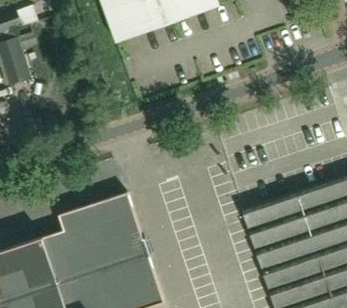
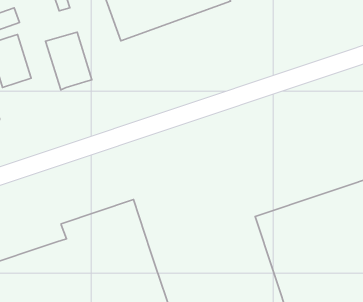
building: none -> [46,32,92,90]

